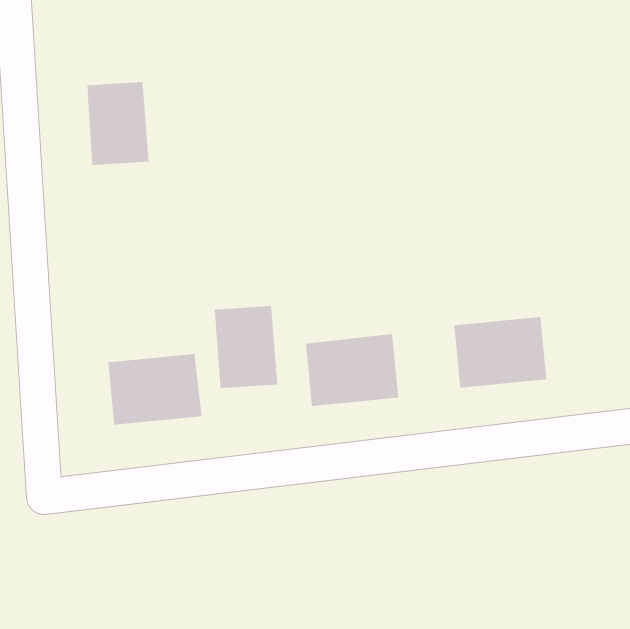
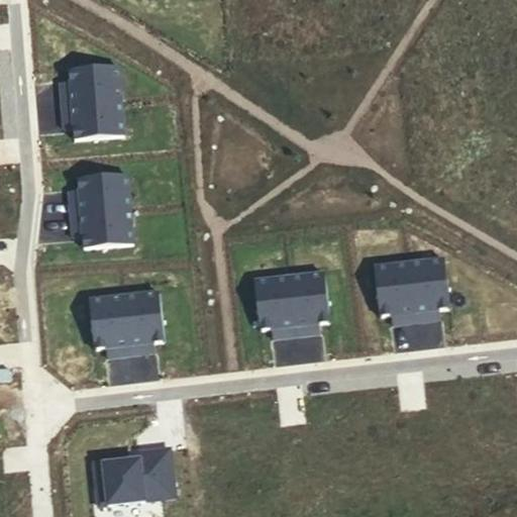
building: [214,306,278,388] -> [80,175,132,242]
building: none -> [92,449,174,508]

